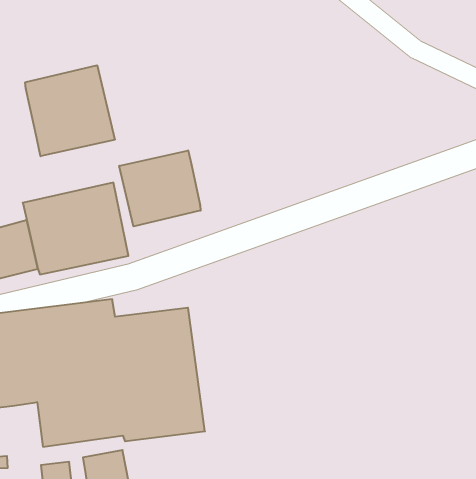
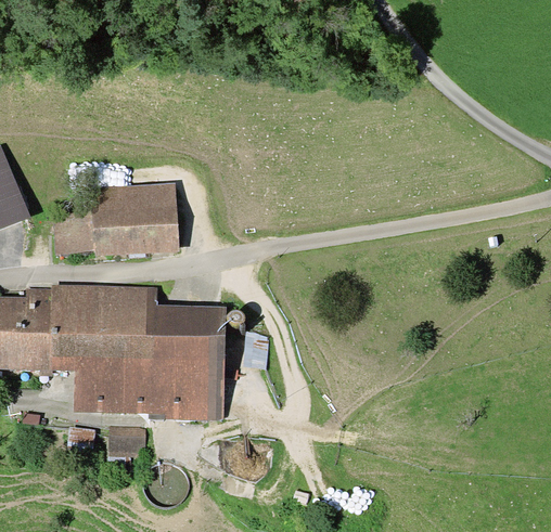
building: [25,65,115,156] -> none
building: [119,150,201,226] -> none

